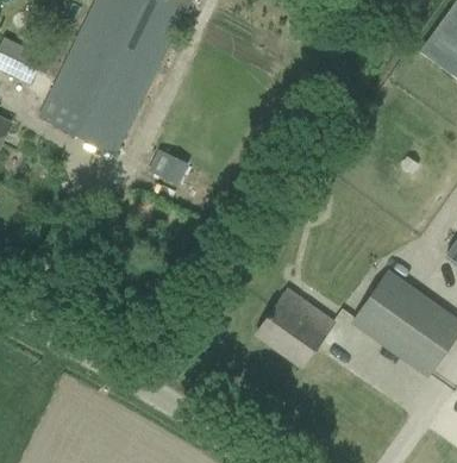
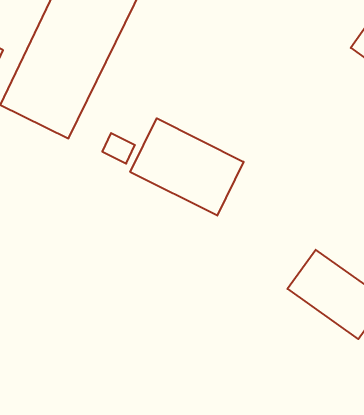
building: none -> [130,118,244,216]
building: [259,300,334,365] -> none

